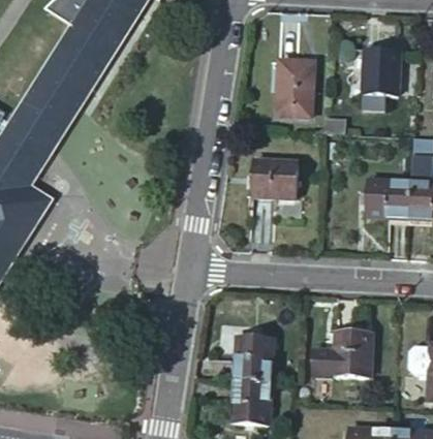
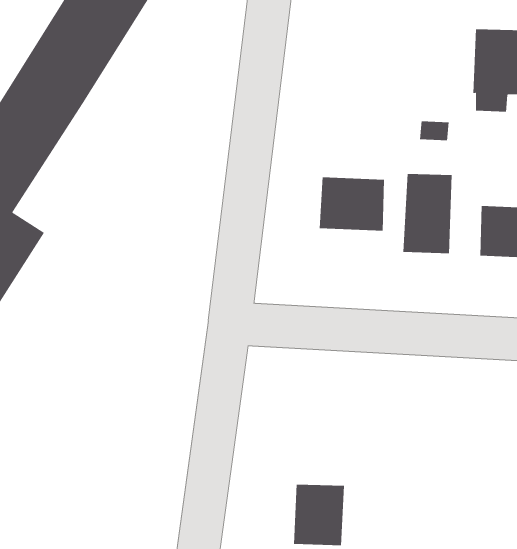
building: [276,57,312,115] -> [402,173,453,254]
building: [308,333,369,379] -> none
building: [234,336,270,380] -> none

